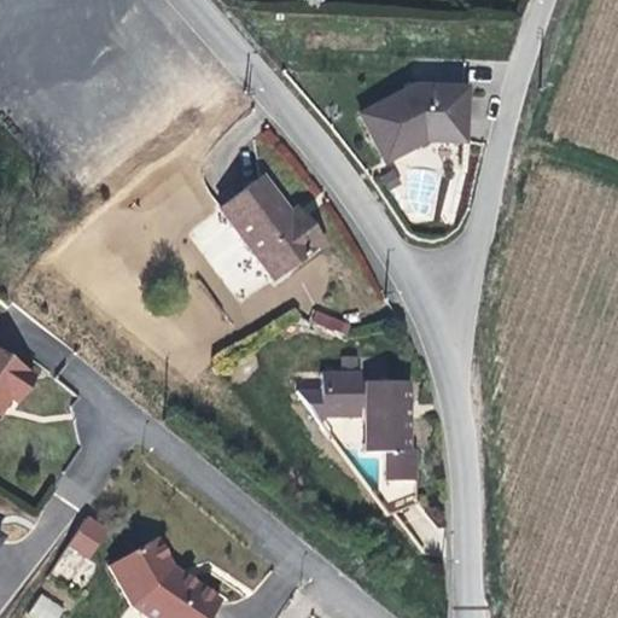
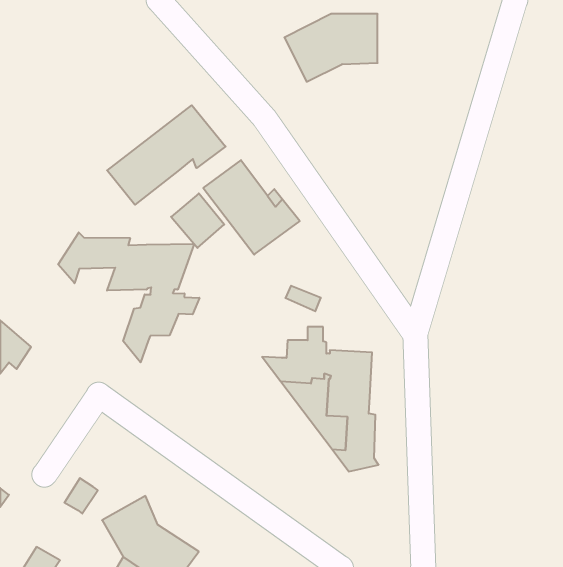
building: [363,82,465,156] -> [284,14,378,82]
building: none -> [107,105,226,205]
building: none -> [58,232,199,362]

